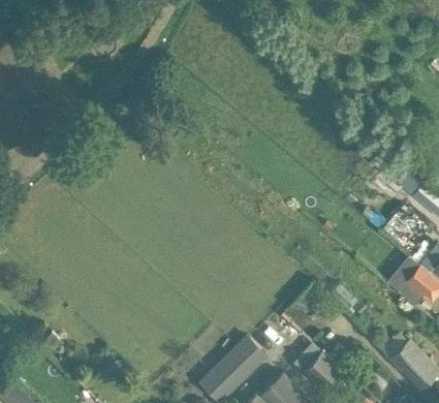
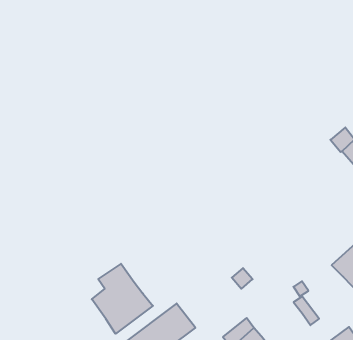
building: none -> [92,264,153,334]

